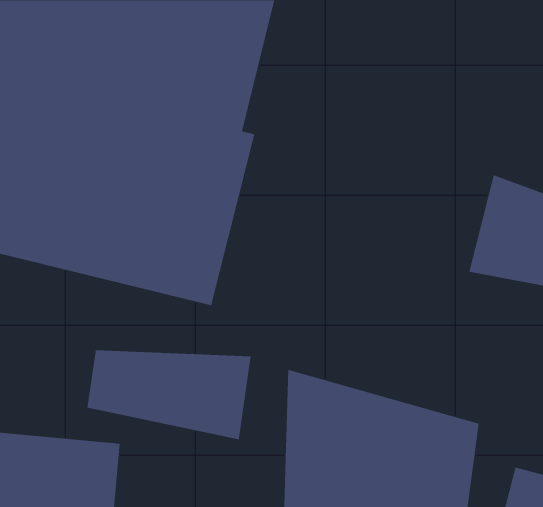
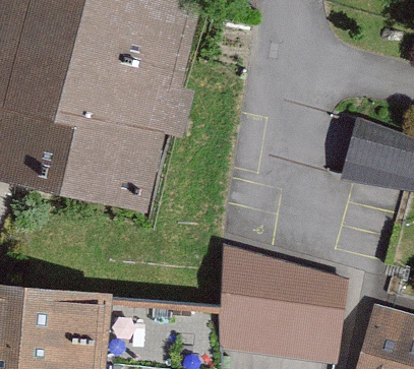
building: [87,350,251,440] -> none

